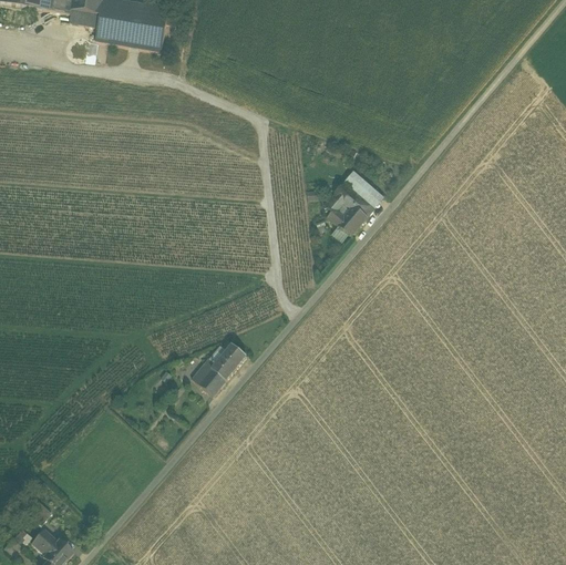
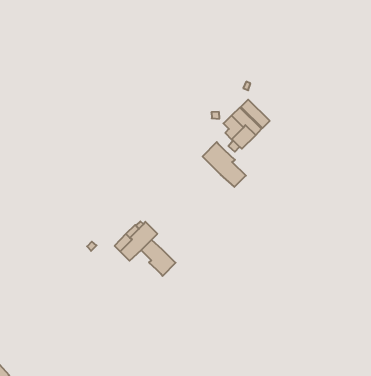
building: none -> [203,142,246,187]
building: none -> [141,240,176,276]

